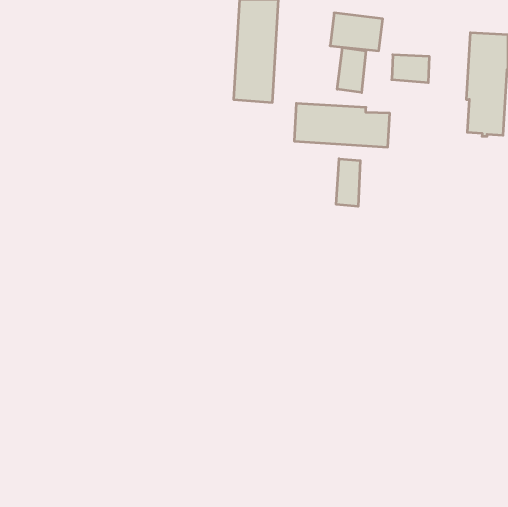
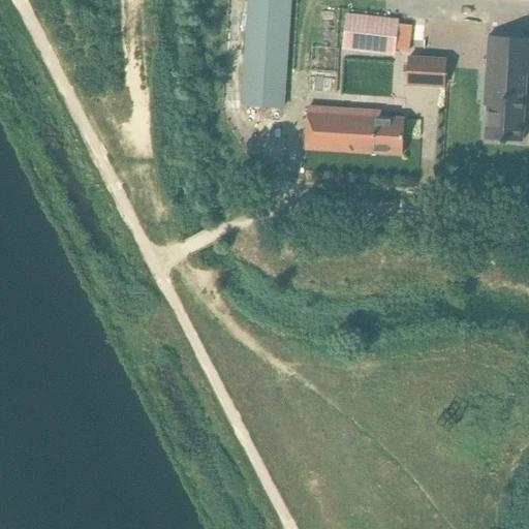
building: [337,48,366,93] -> none
building: [336,159,360,206] -> none

